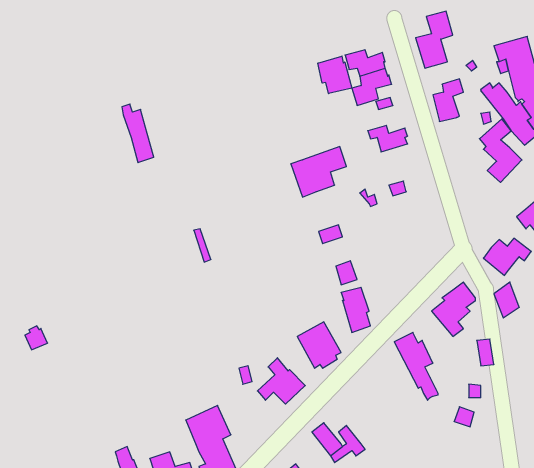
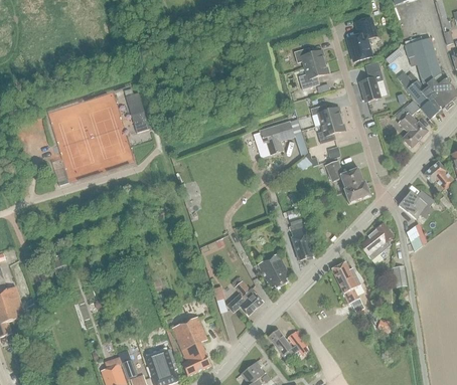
building: [318,56,352,94] -> none
building: none -> [317,118,345,143]
building: none -> [324,159,369,202]

